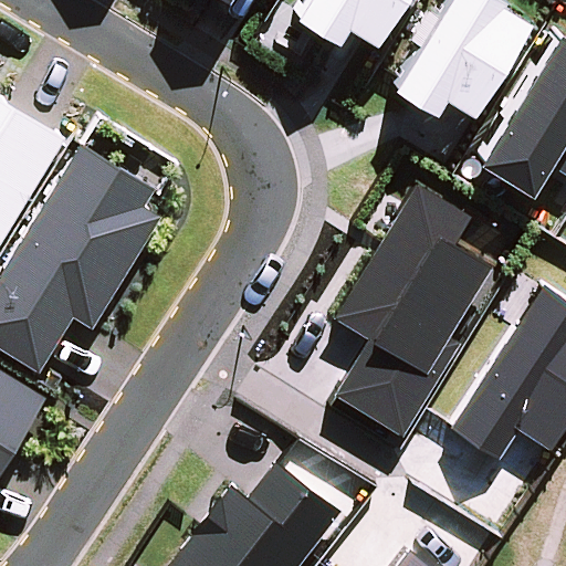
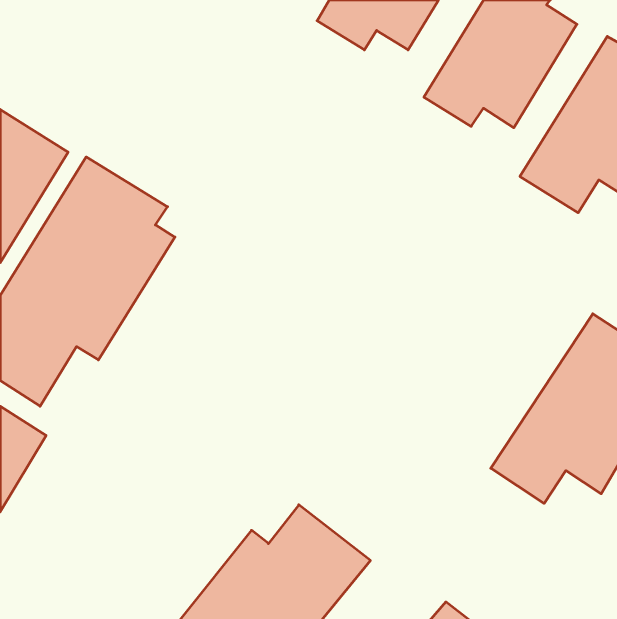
building: [333,184,492,438] -> none

